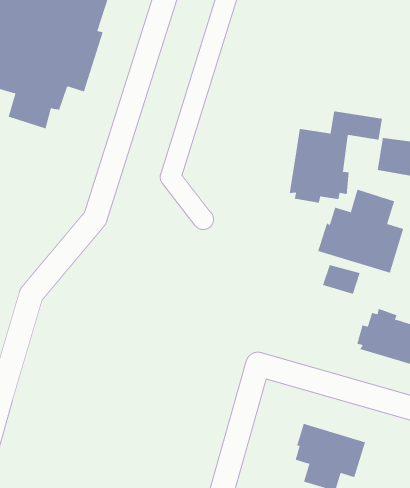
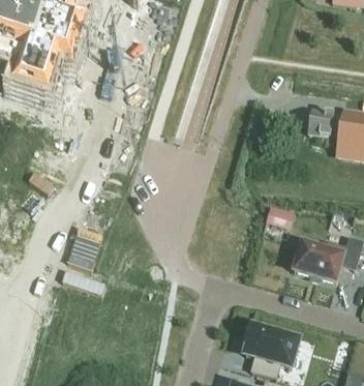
building: [289,111,383,203] -> none
building: [318,189,404,274] -> none

